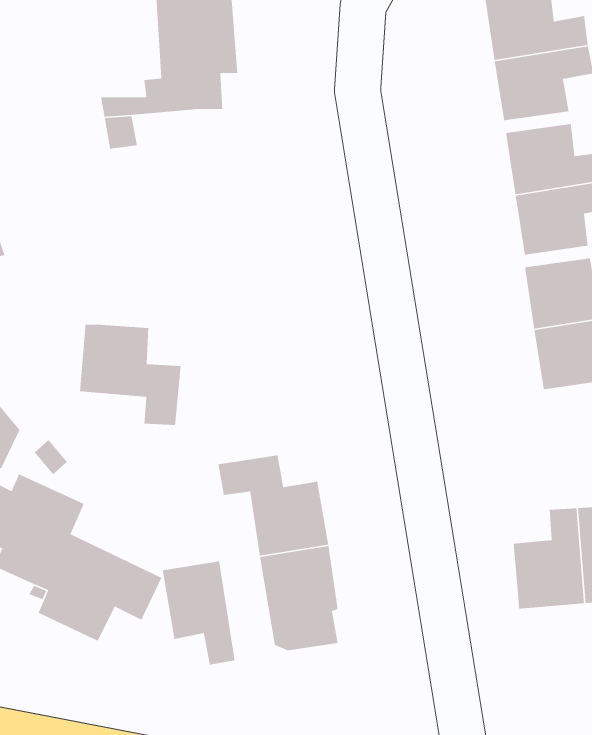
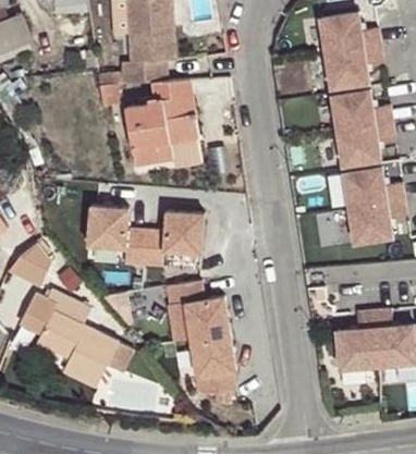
building: none -> [124,79,198,165]
building: none -> [140,209,201,265]
building: [162,560,235,666] -> none

